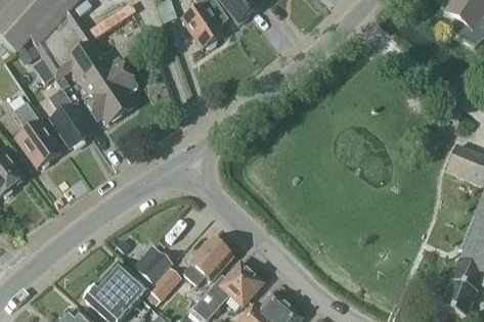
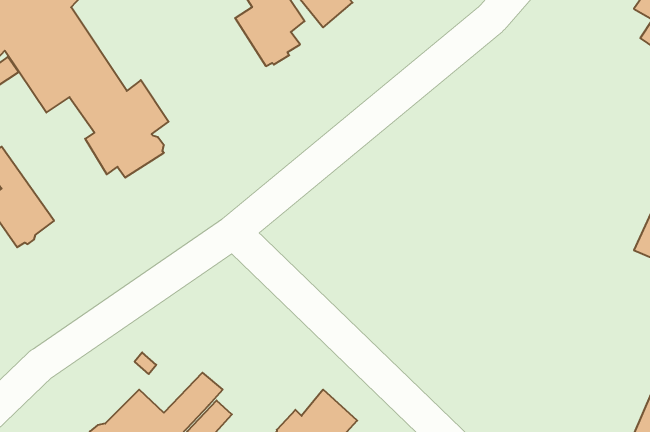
building: [49,89,91,148] -> none
building: [182,238,231,285] -> none

